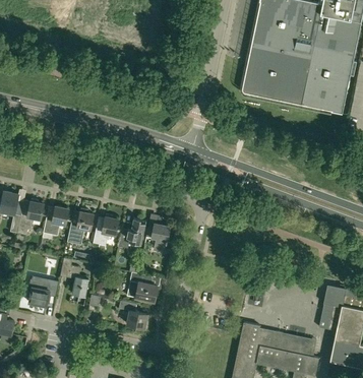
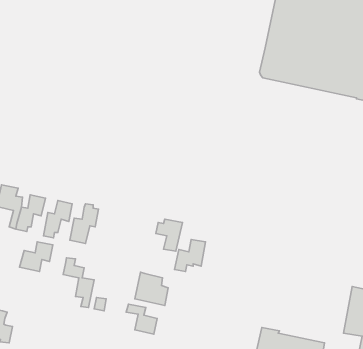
building: [94,215,119,246] -> none
building: [118,219,146,249] -> [175,240,205,272]
building: [28,279,59,307] -> [20,242,53,272]

